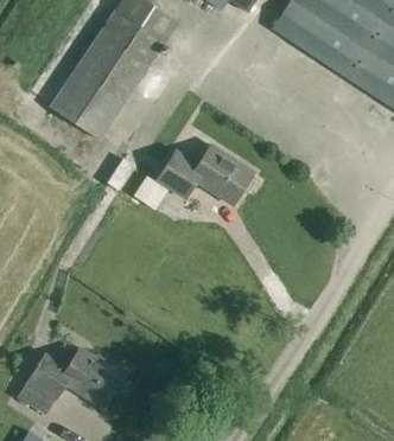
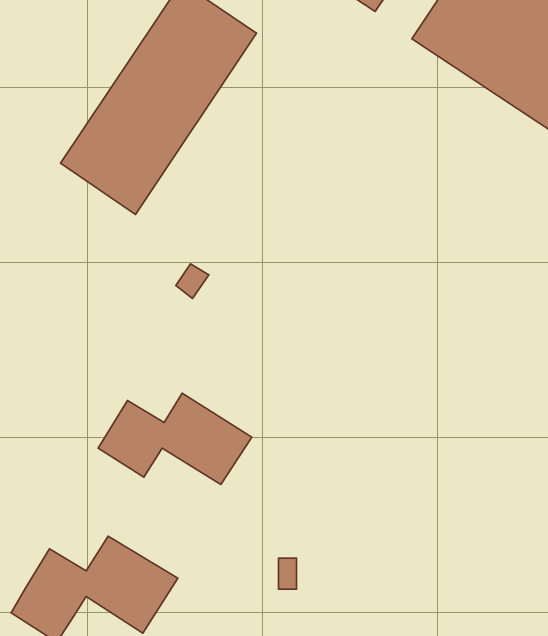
building: [155,147,255,206] -> [98,393,252,485]

